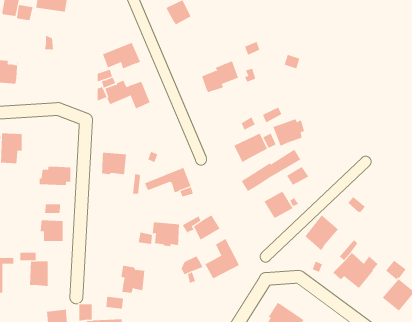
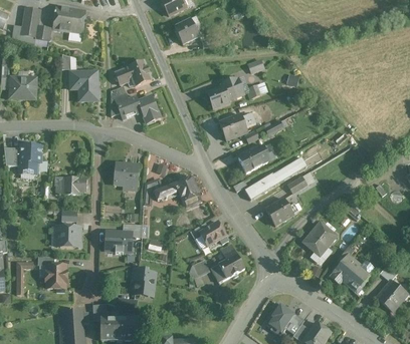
building: none -> [70,70,97,100]
building: [273,118,305,146] -> [219,113,249,139]
building: [152,222,180,247] -> [106,230,132,253]

